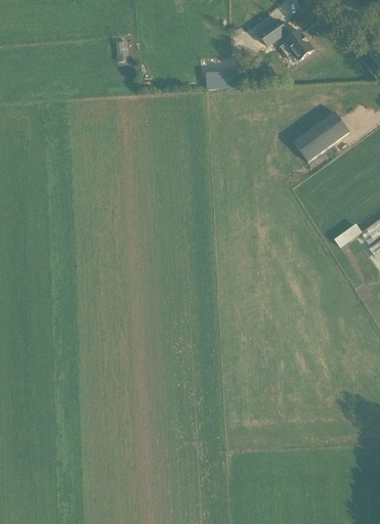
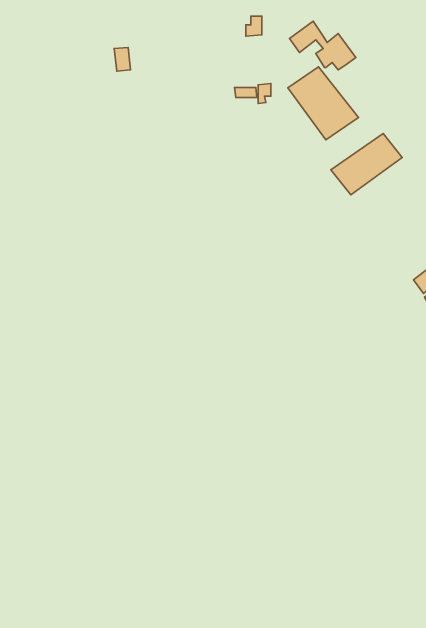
building: none -> [288,67,359,140]

